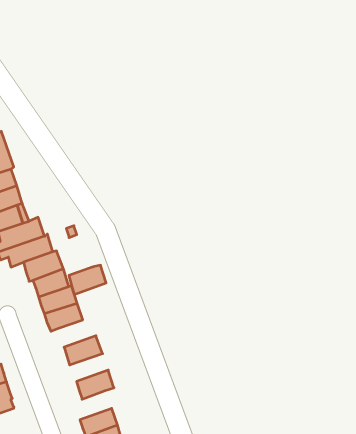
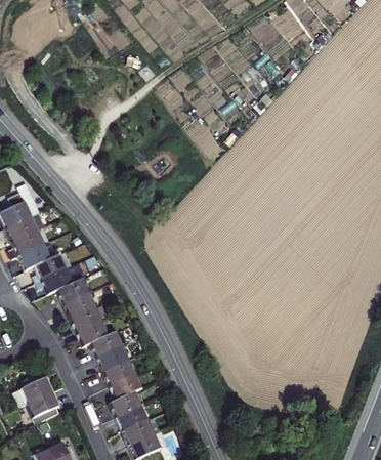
building: [69,265,106,294] -> [90,332,122,359]
building: none -> [102,361,135,386]
building: none -> [109,391,141,418]

